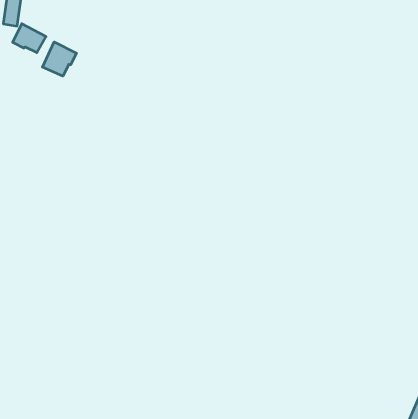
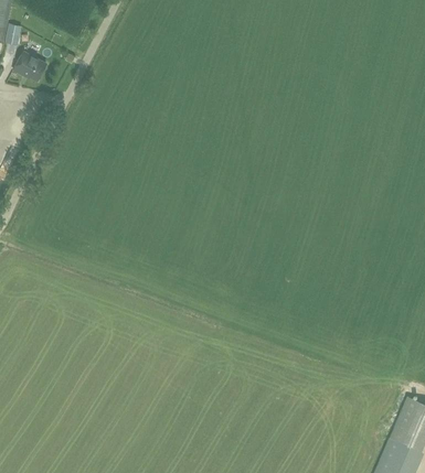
building: [42,42,76,76] -> none

